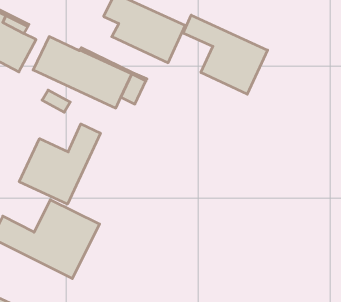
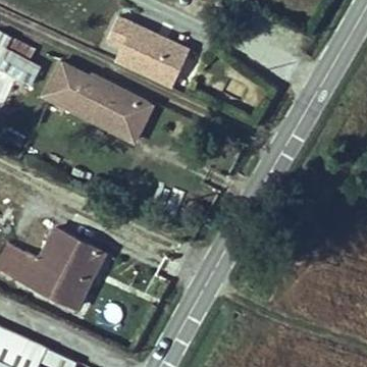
building: [183,15,268,94] -> none
building: [19,124,100,204] -> none

